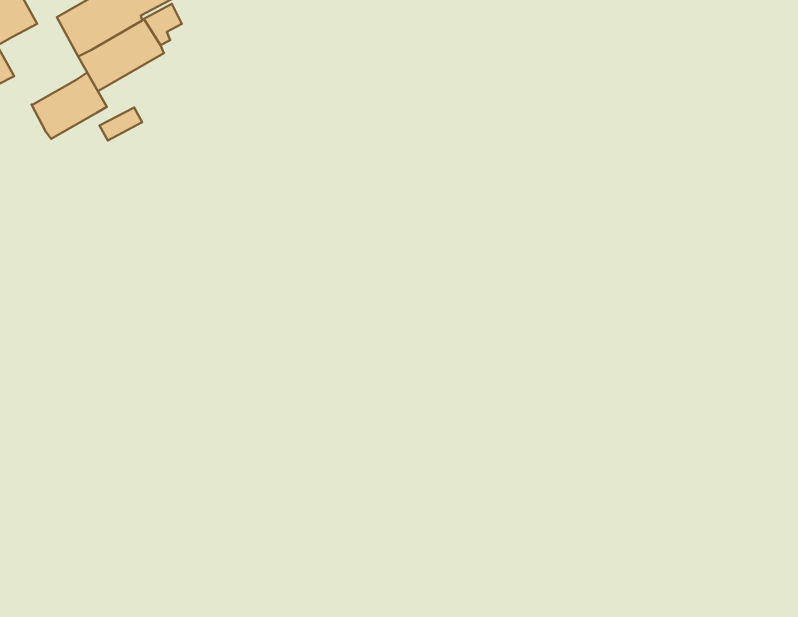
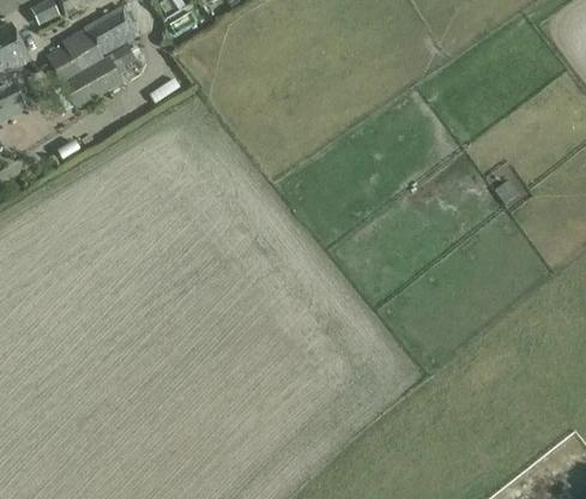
building: [31,73,107,139] -> none

